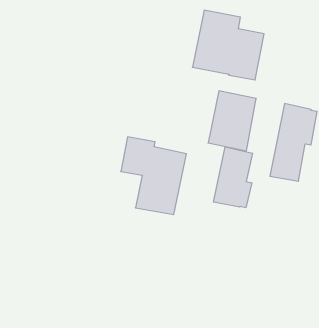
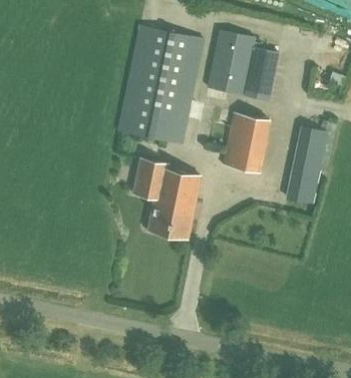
building: none -> [116,26,205,145]
building: [214,147,253,208] -> none

